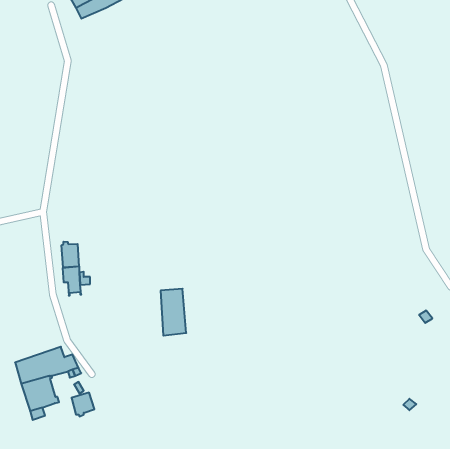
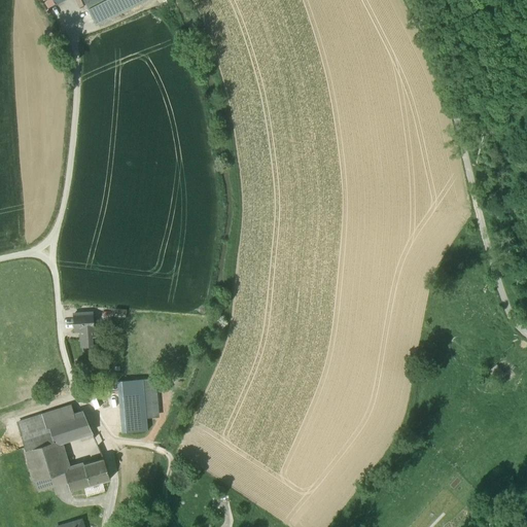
building: [61,242,79,267] -> none
building: [161,289,186,336] -> [118,378,148,432]
building: none -> [65,464,90,490]

